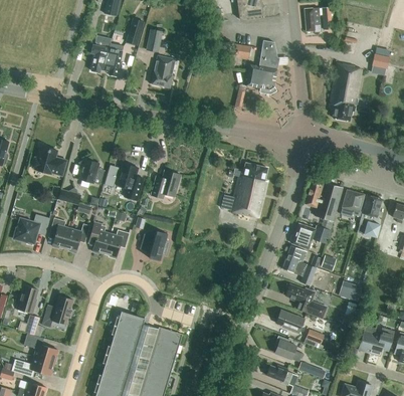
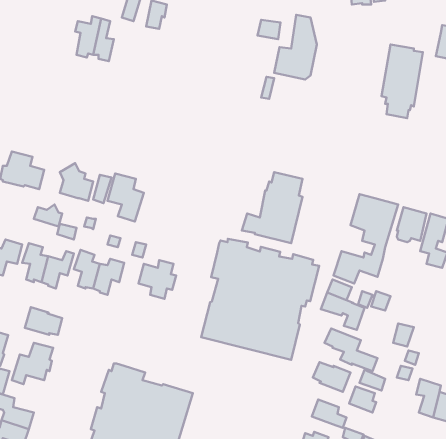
building: [152,55,176,88] -> none
building: [152,171,181,198] -> none
building: none -> [201,239,319,360]
building: none -> [25,307,62,335]

